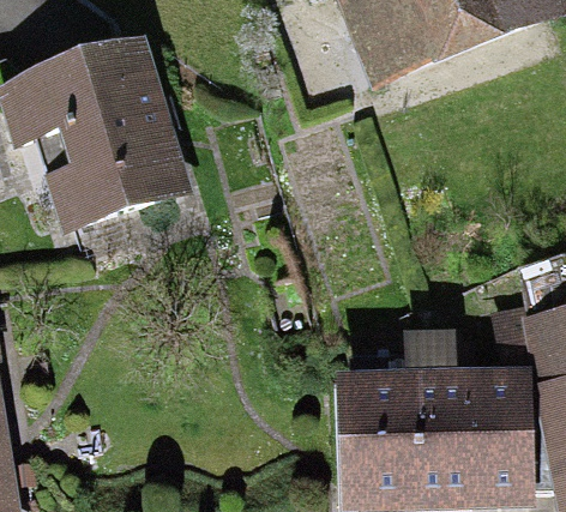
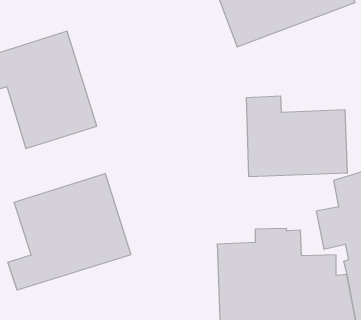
building: none -> [246,96,347,177]
building: none -> [8,174,131,290]

